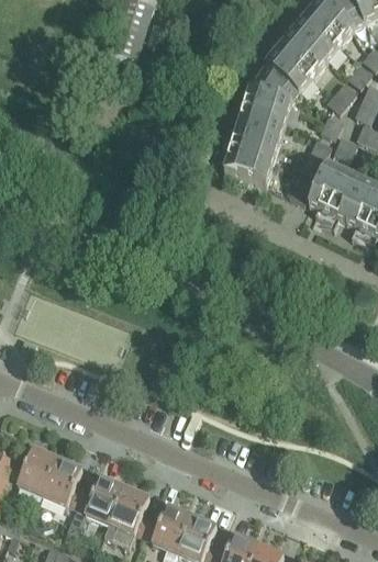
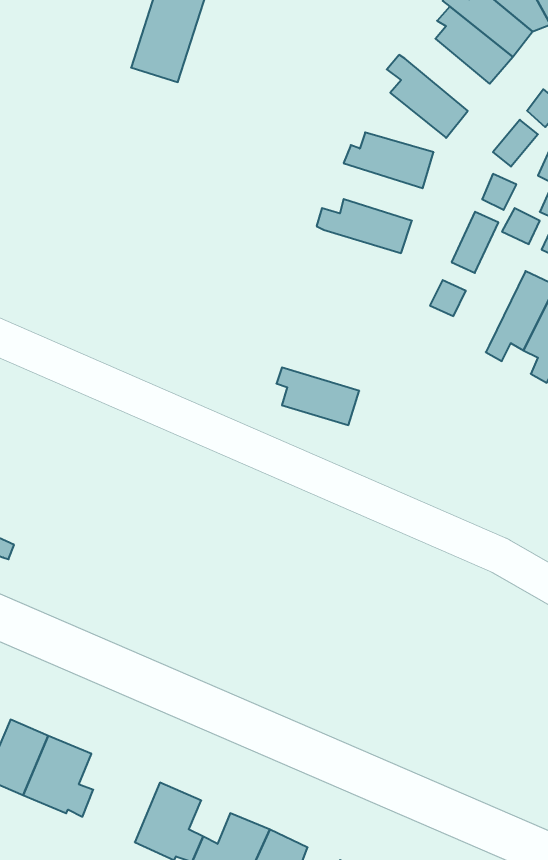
building: [274,33,325,77] -> none
building: [249,66,299,102] -> none
building: [230,108,285,144] -> none
building: [221,149,271,184] -> [276,367,359,425]
building: [308,165,347,220] -> none
building: [77,476,124,522] -> none

